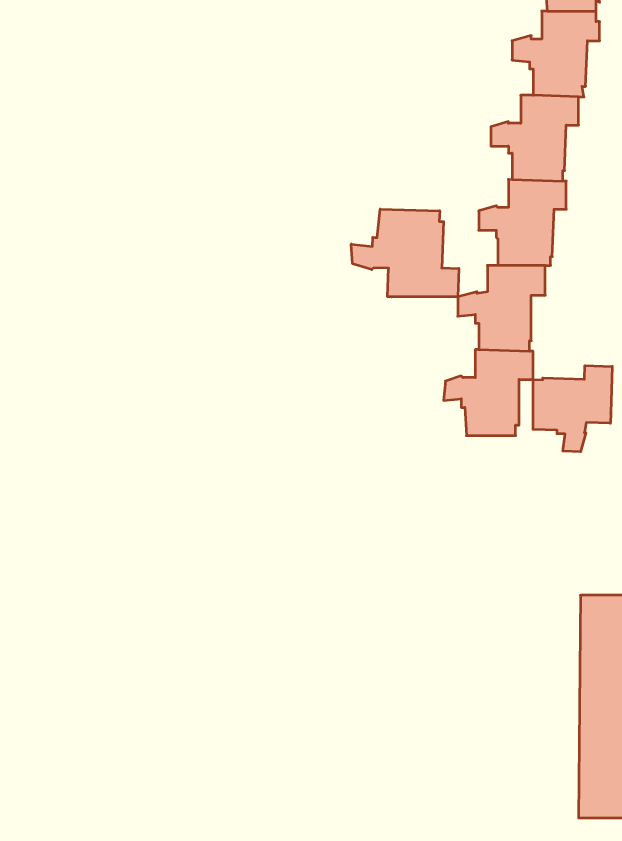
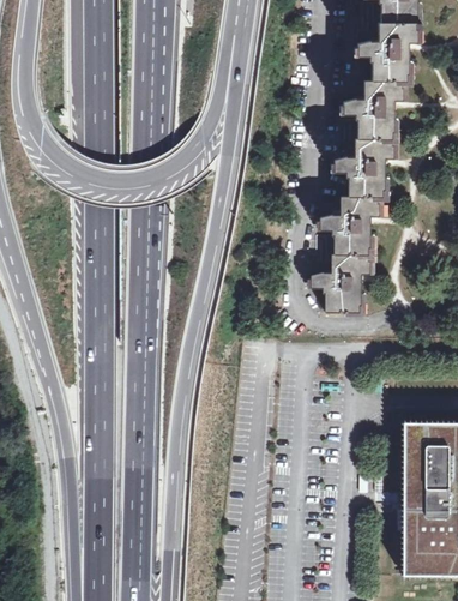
building: [351,209,459,297] -> none
building: [533,366,612,452] -> none

